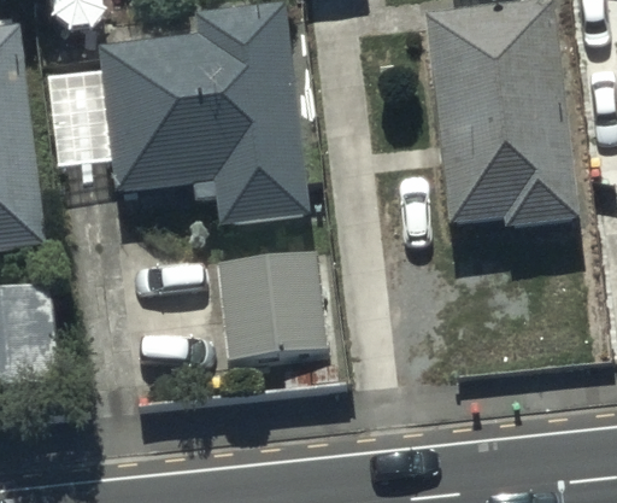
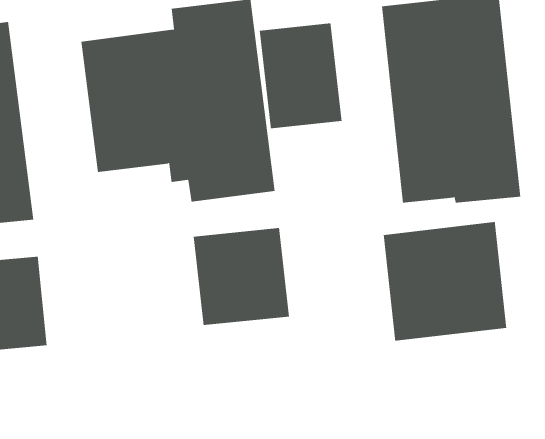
building: none -> [259,23,342,129]
building: none -> [383,221,507,342]

